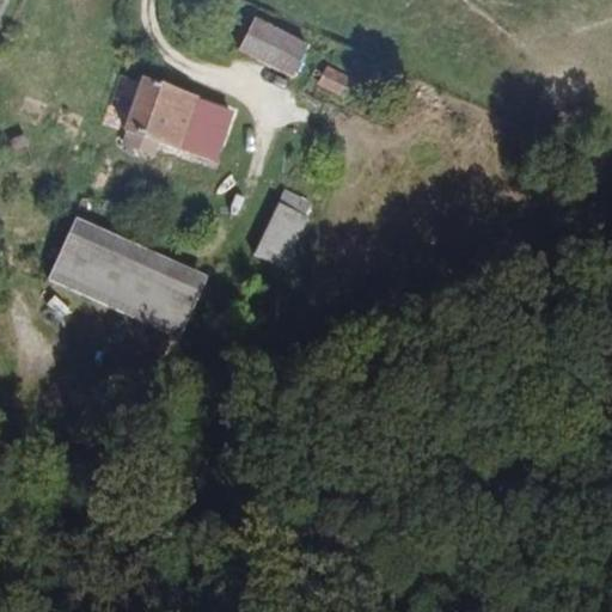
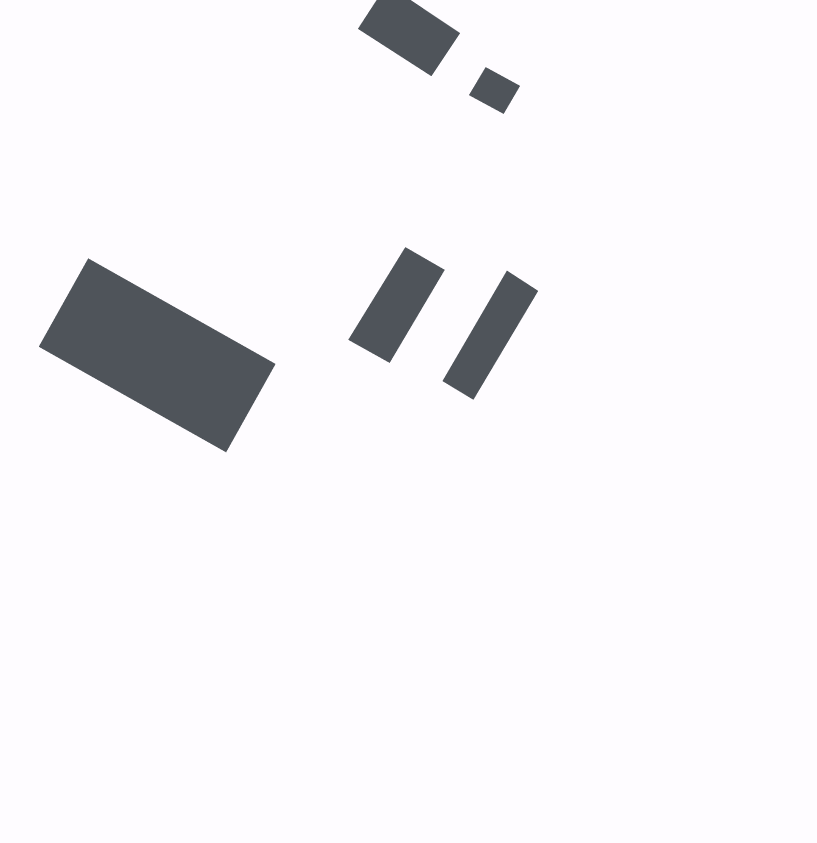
building: [118,75,234,163] -> none
building: none -> [442,269,539,401]

